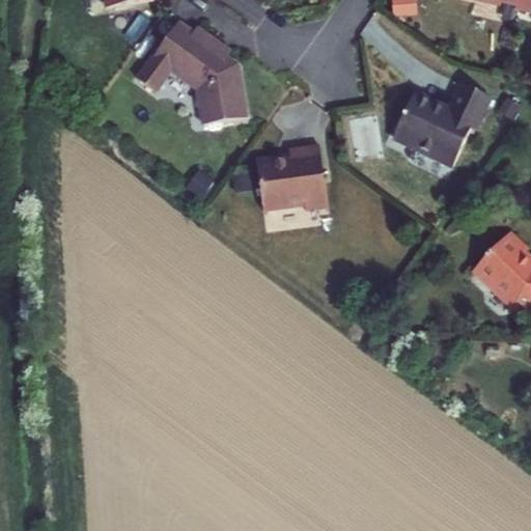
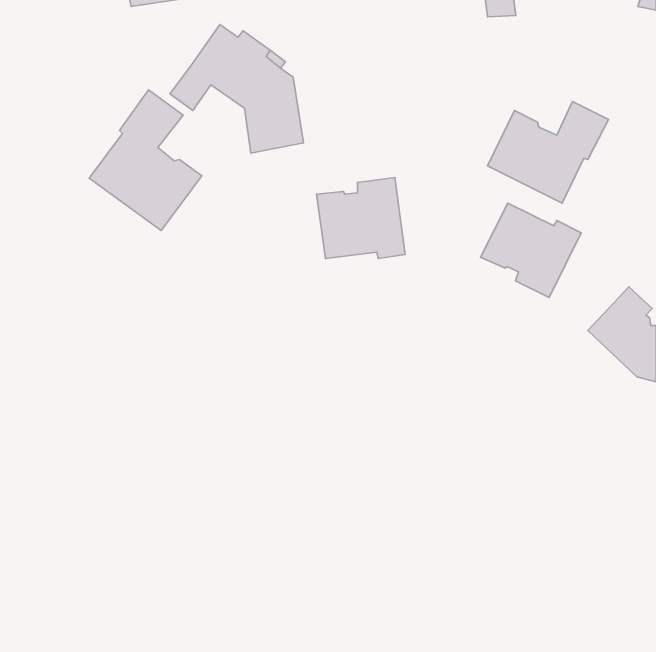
building: none -> [89,90,202,231]
building: none -> [481,203,581,298]

